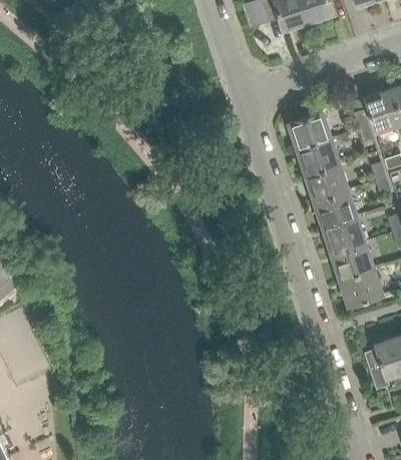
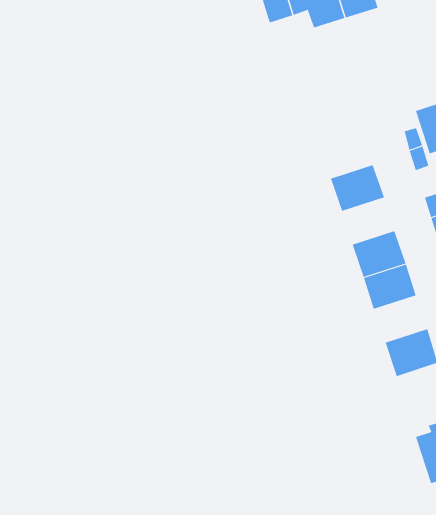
building: [288,112,331,151] -> none
building: [306,166,348,203] -> none
building: [331,244,374,281] -> none

